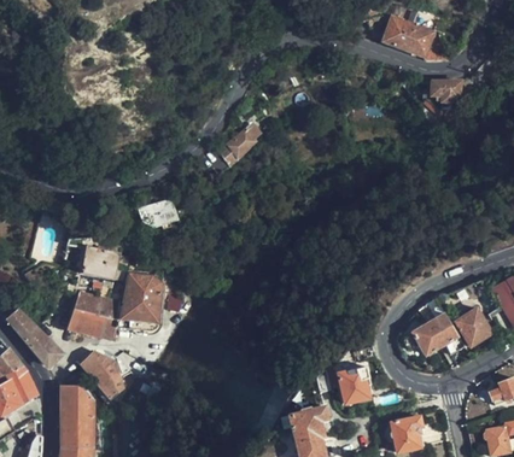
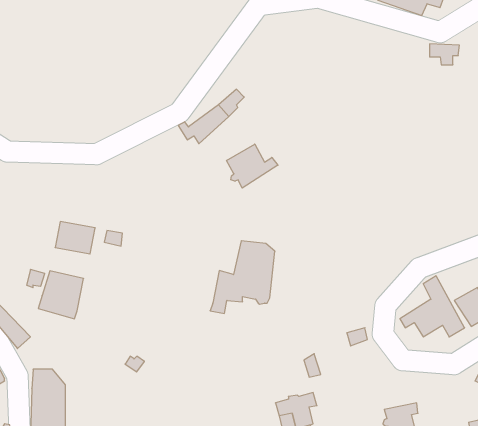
building: none -> [227,144,278,188]
building: [140,198,180,228] -> none
building: [101,273,162,340] -> [210,241,275,313]
building: [82,351,123,398] -> none
building: [337,367,369,404] -> none

